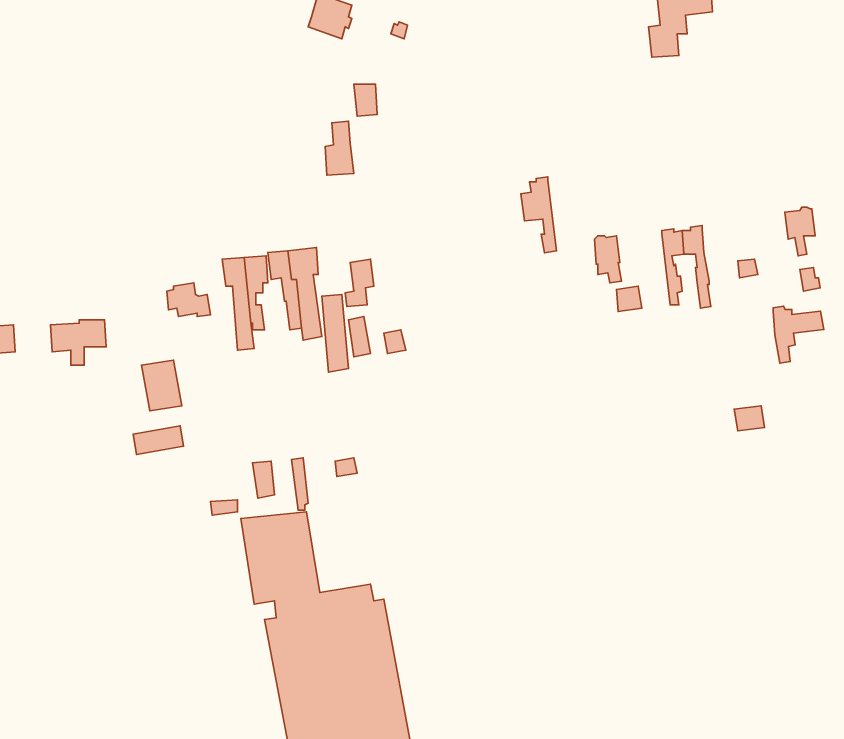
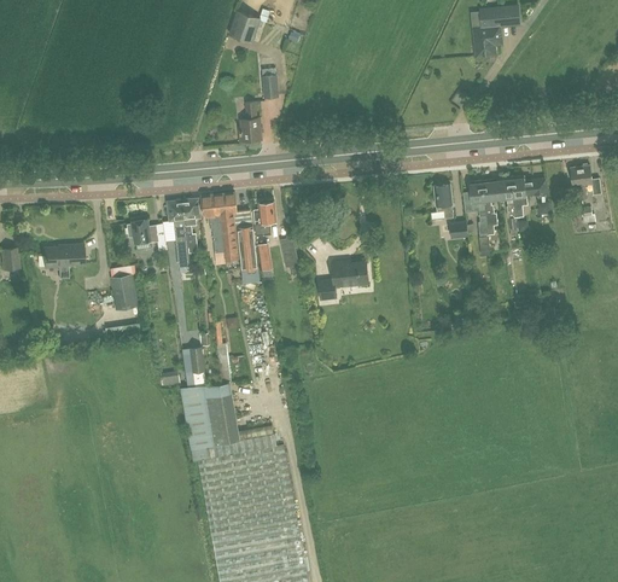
building: [521,177,556,253] -> [462,180,488,234]
building: [773,306,824,363] -> [511,175,547,216]
building: none -> [319,261,368,298]

